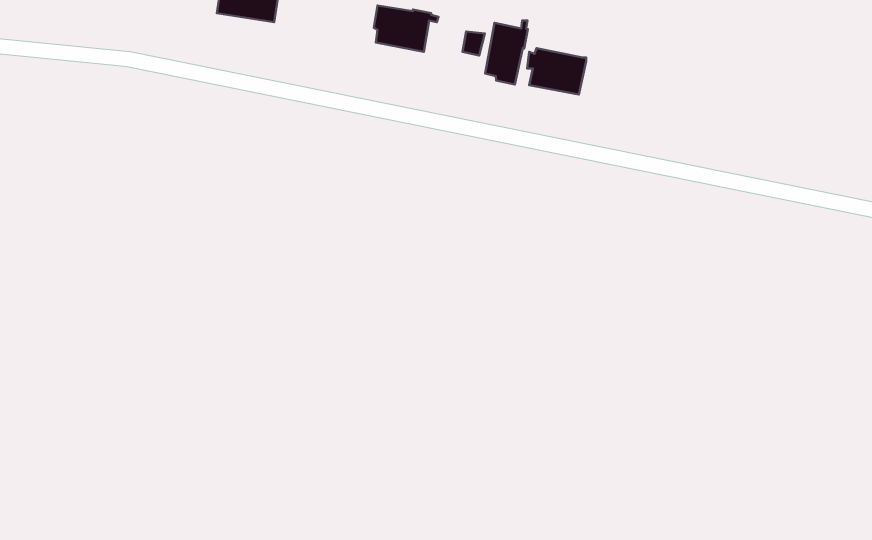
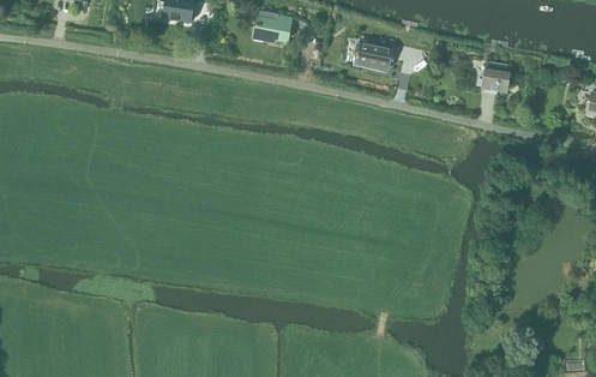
building: [485,20,528,85] -> none
building: none -> [482,60,511,91]

